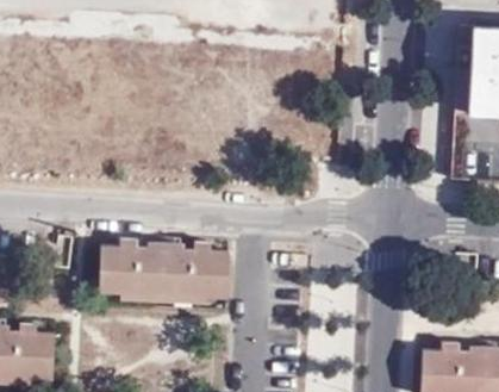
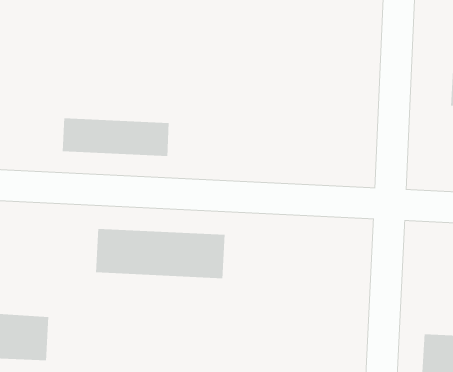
building: none -> [62,117,169,157]

